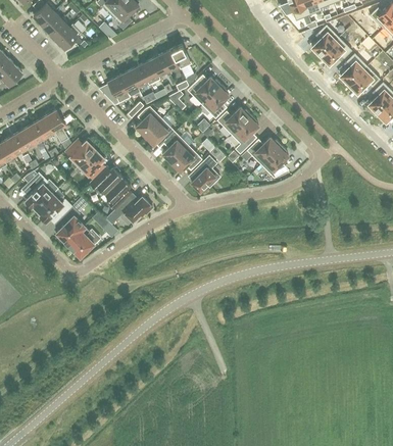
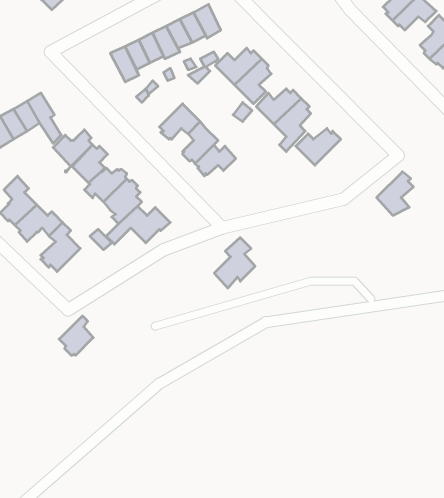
building: [135,106,161,136] -> none
building: [260,145,288,178] -> [377,172,413,215]
building: [189,155,219,193] -> [214,238,255,288]
building: [67,227,93,256] -> [59,316,93,355]

